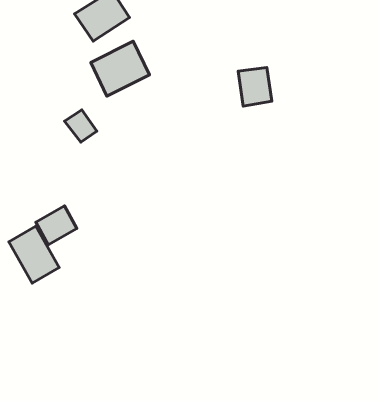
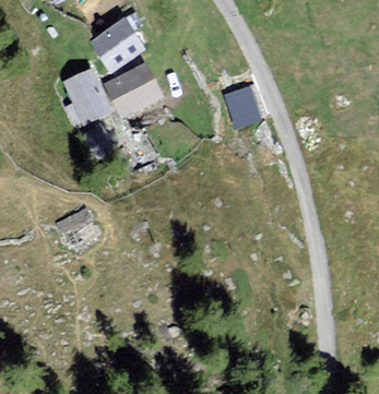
building: none -> [63,70,106,122]
building: [9,226,59,283] -> none

